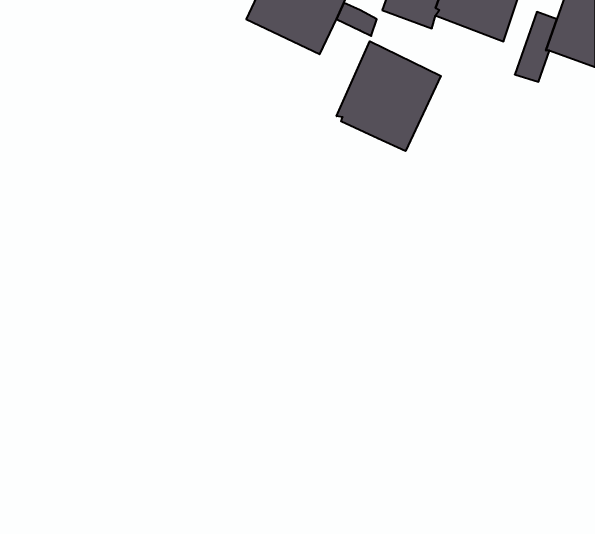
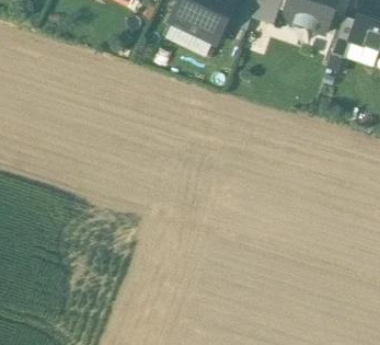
building: [337,41,441,151] -> none

